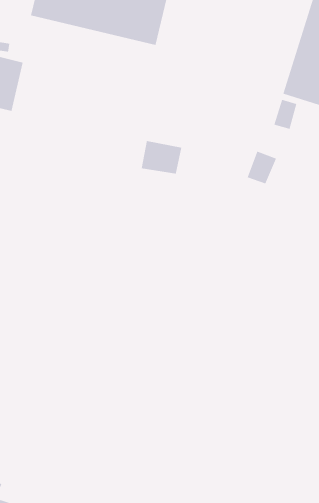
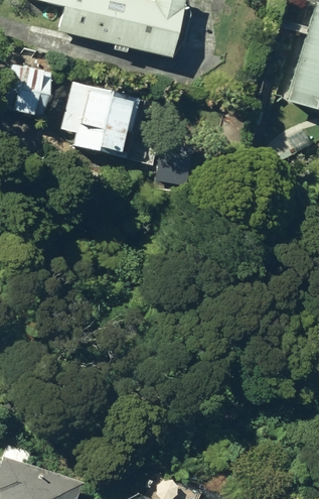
building: none -> [72,86,137,153]

